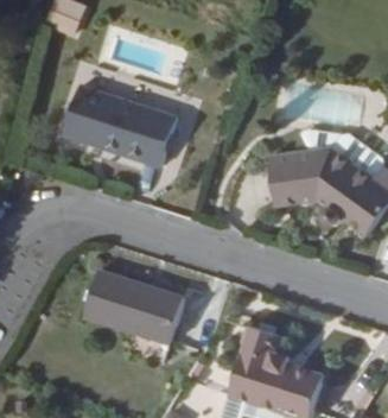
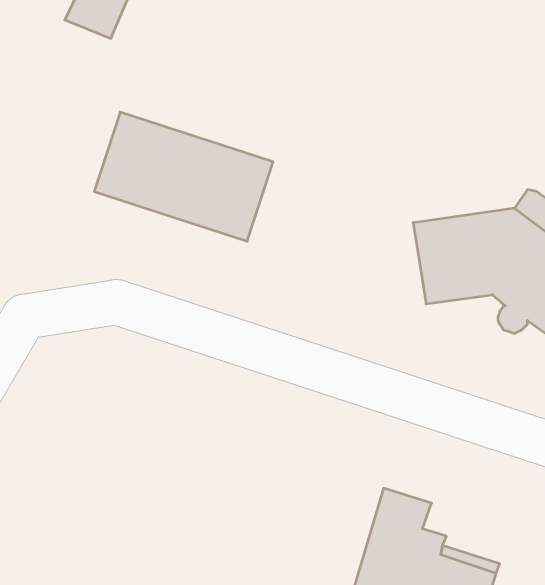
building: [81,270,183,344] -> none

